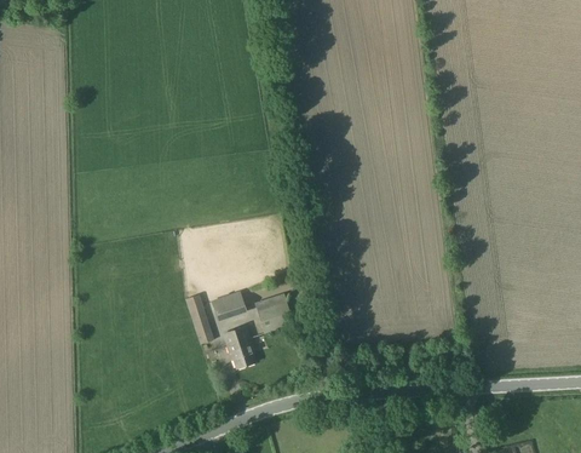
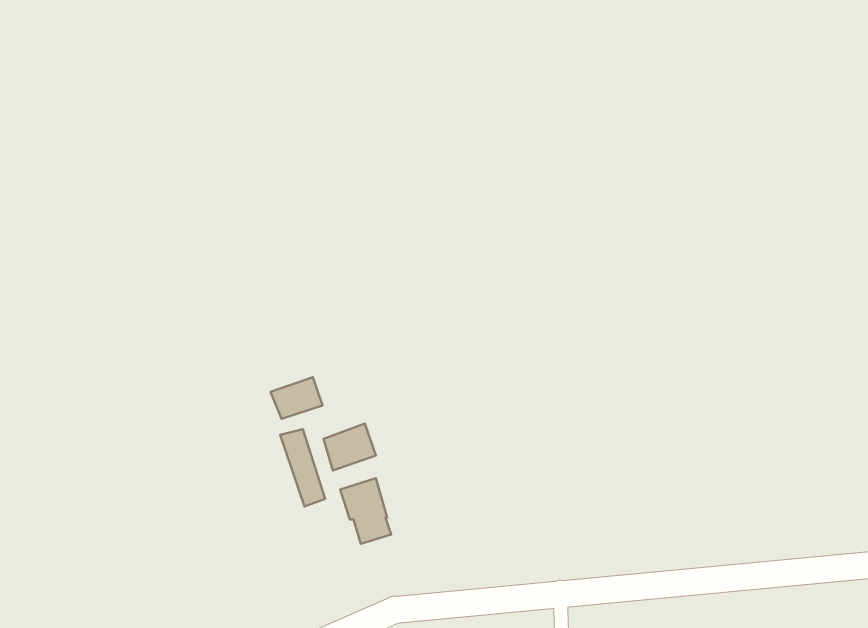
building: none -> [271,377,322,419]
building: [254,300,294,336] -> none

